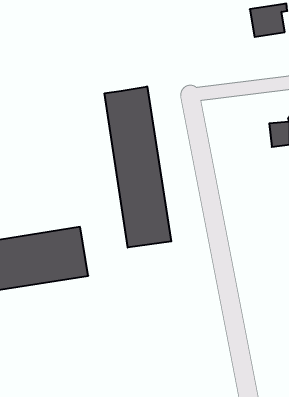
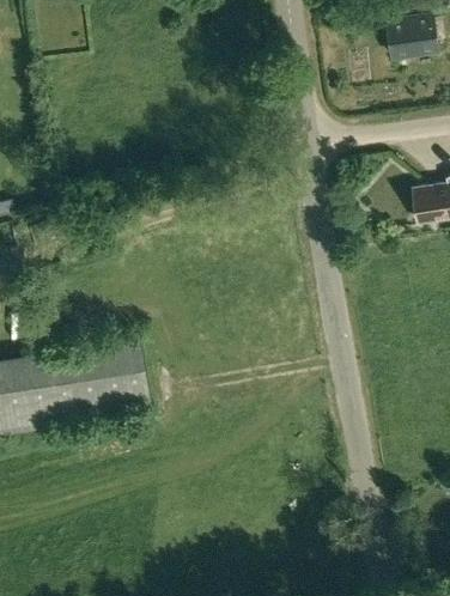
building: [105,86,171,248] -> none

